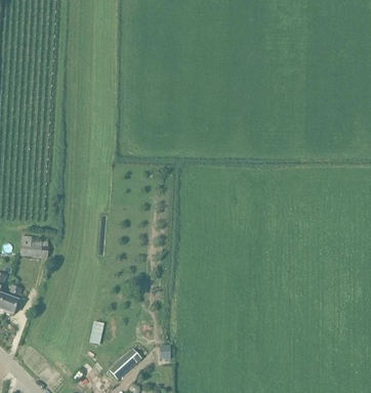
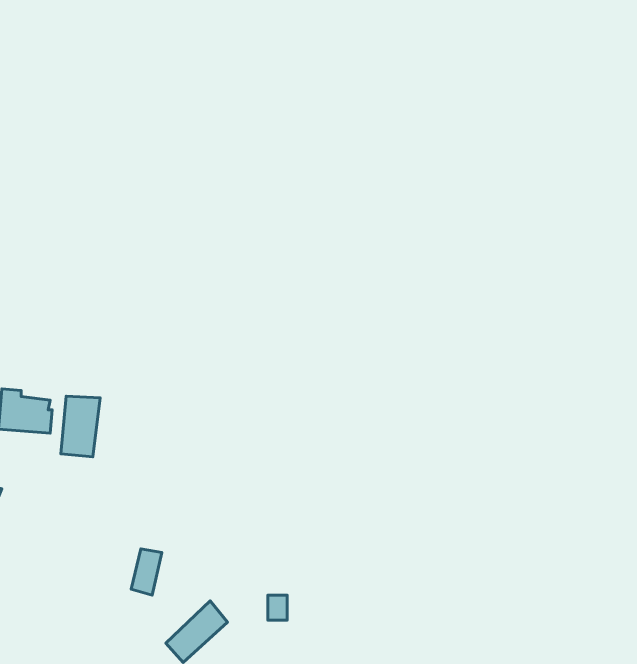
building: none -> [61,396,100,457]

